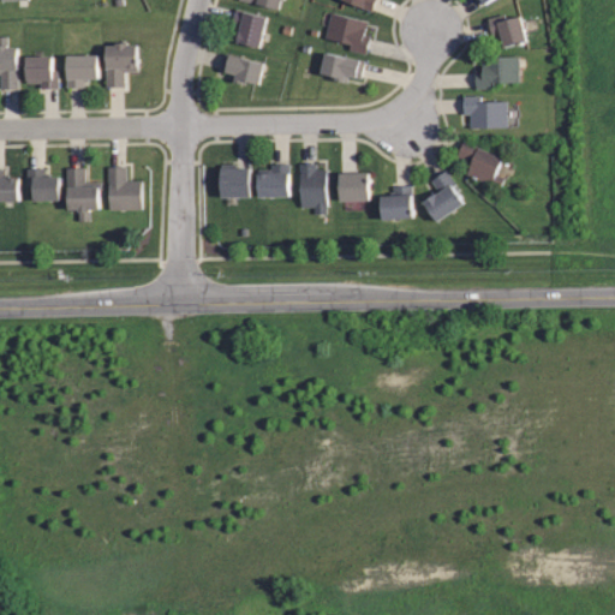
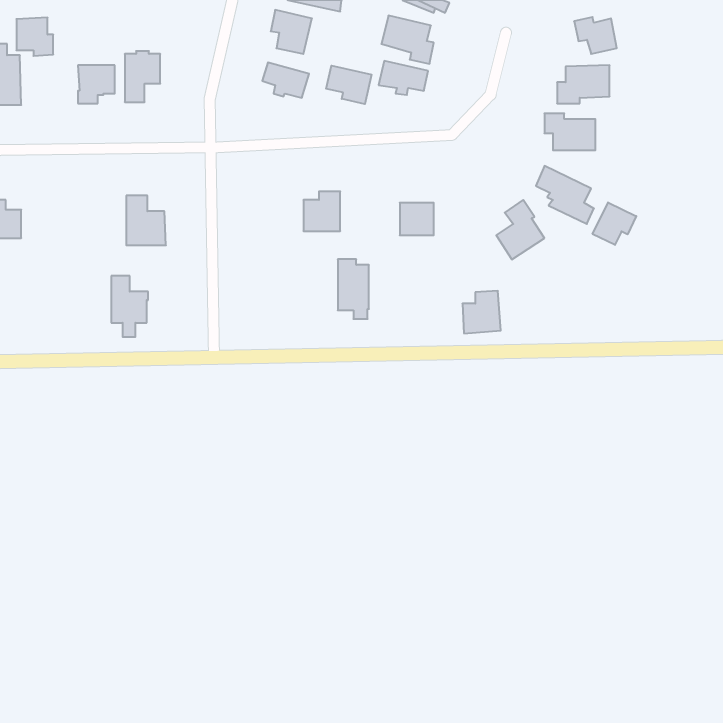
building: [25,56,56,89] -> [16,18,53,56]
building: none -> [326,66,372,104]
building: [220,163,249,197] -> none
building: [299,165,326,215] -> [338,259,369,319]
building: [67,168,98,220] -> [111,276,148,337]
building: [26,169,59,202] -> none
building: none -> [593,202,636,245]
building: [377,185,410,221] -> [462,291,501,333]

